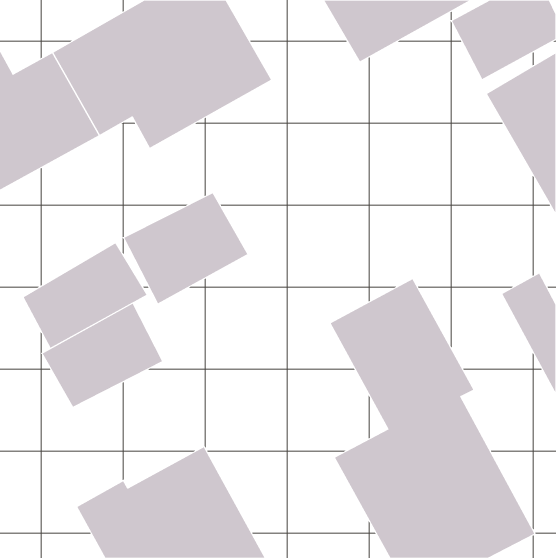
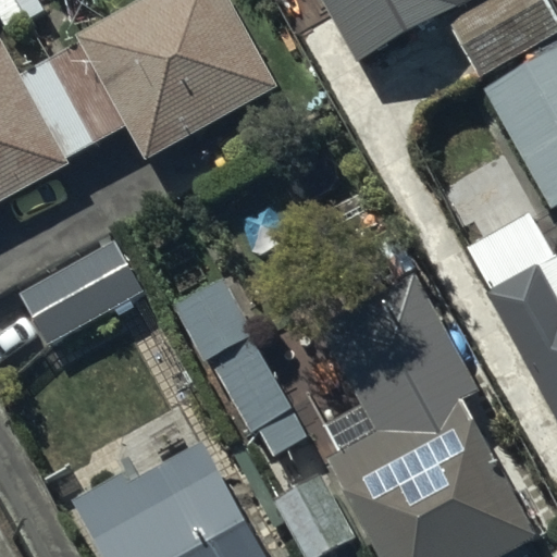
building: [123,192,248,304] -> none
building: none -> [175,281,307,456]
building: [42,303,163,408] -> none

